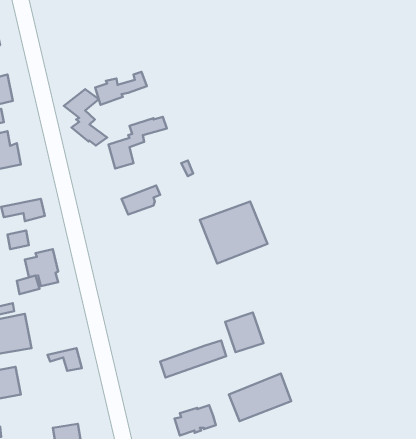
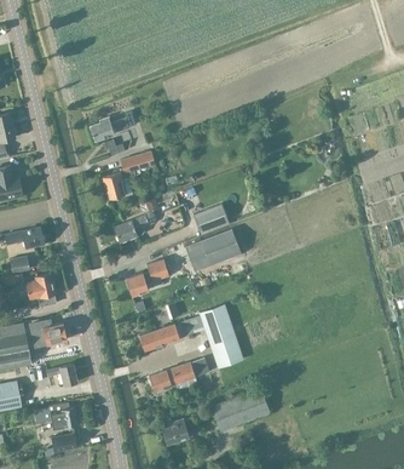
building: [64,89,107,146] -> none
building: none -> [194,204,229,233]
building: none -> [126,258,168,294]
building: none -> [139,303,233,350]
building: none -> [31,322,67,344]
building: none -> [34,401,77,428]

